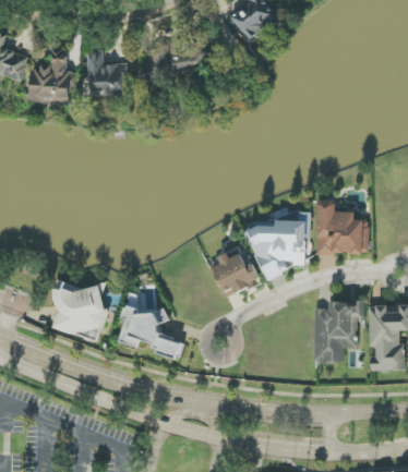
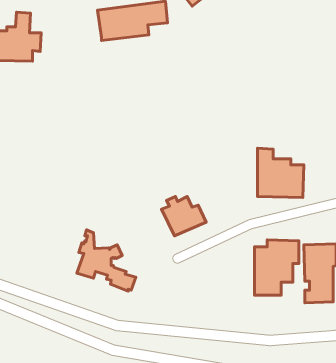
building: [87,52,127,93] -> none
building: [247,213,310,281] -> none
building: [51,278,108,334] -> none

